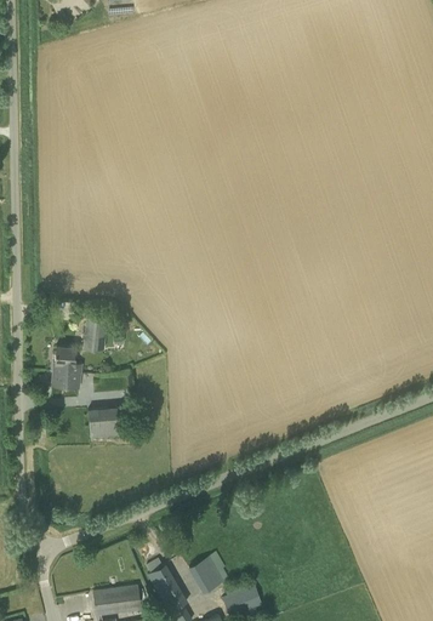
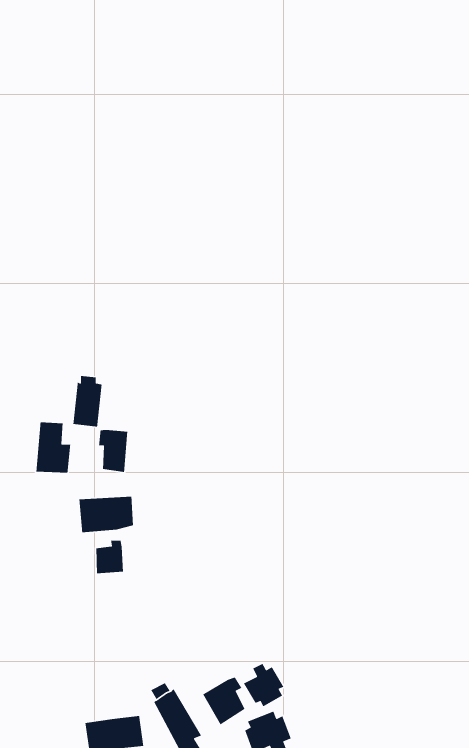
building: none -> [98,429,128,473]
building: none -> [96,540,124,574]
building: none -> [243,663,284,707]

